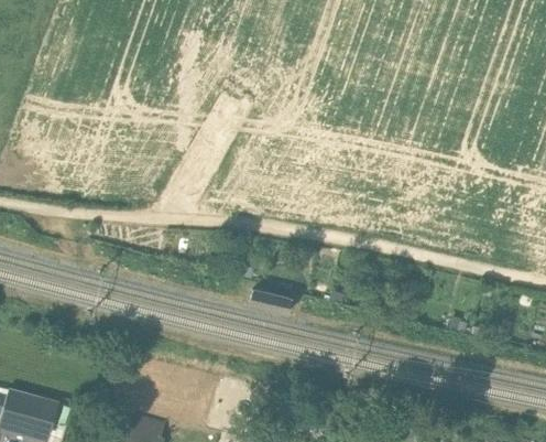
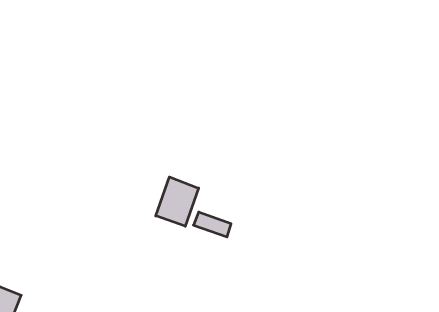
building: none -> [156,177,199,226]

